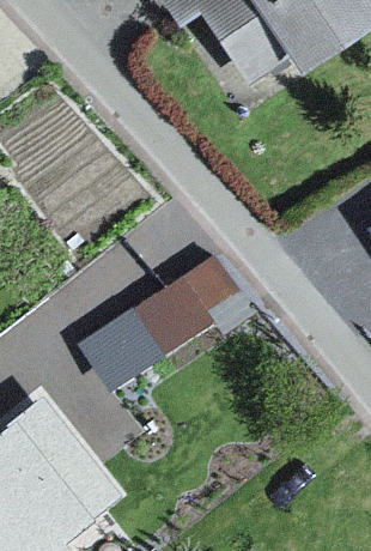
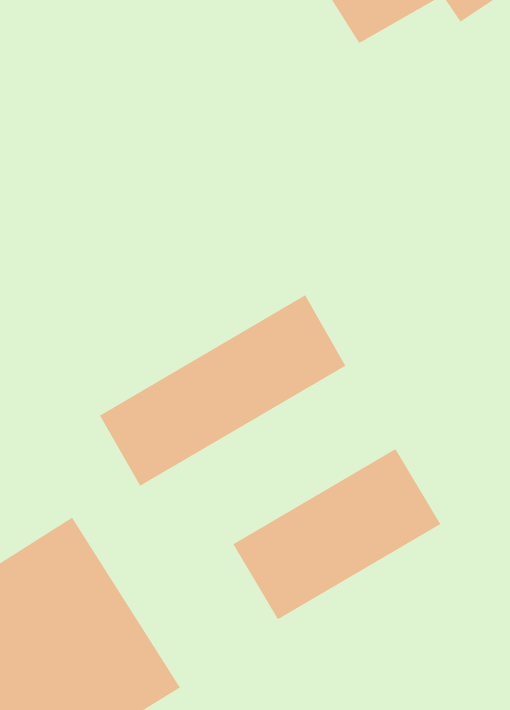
building: none -> [232,448,441,620]

